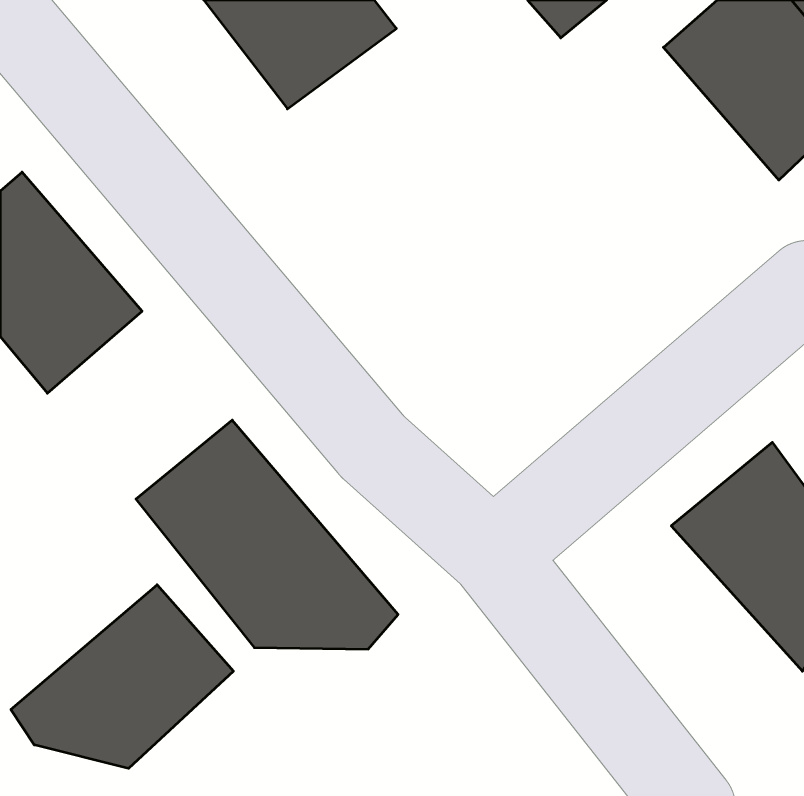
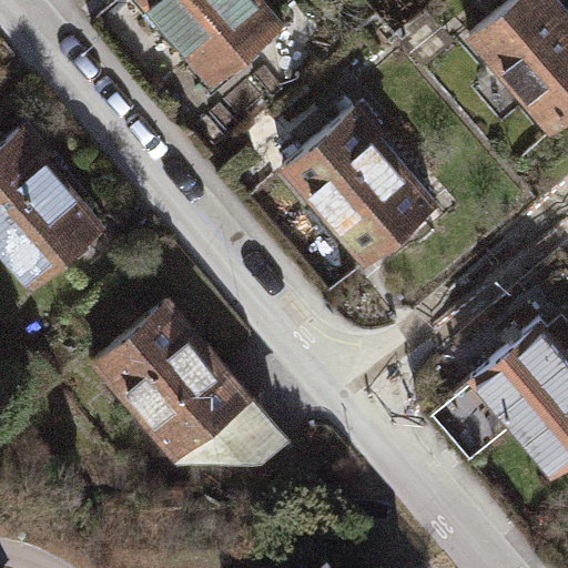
building: none -> [287,111,430,261]
building: [11,585,233,768] -> none

